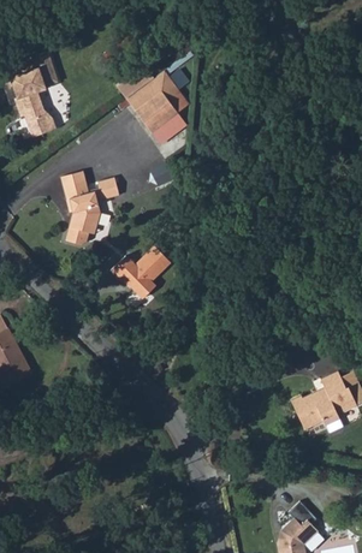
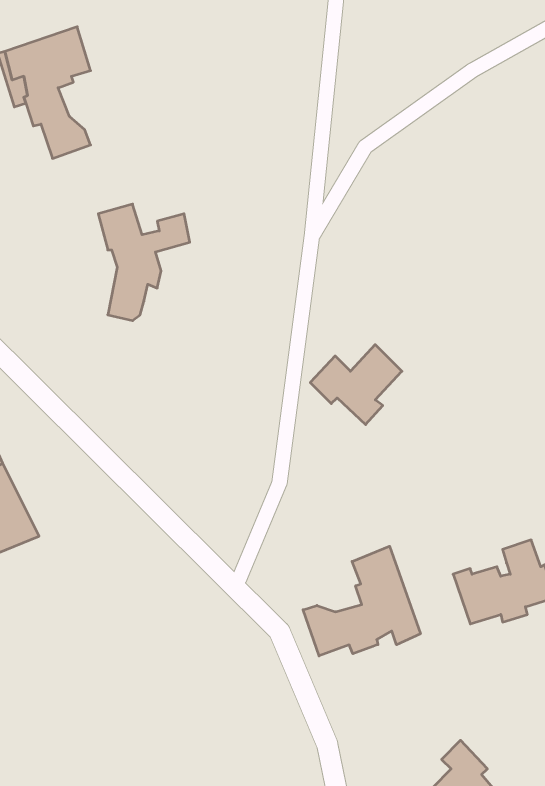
building: [124,76,177,137] -> none
building: [115,243,173,293] -> [310,345,402,425]
building: none -> [303,546,420,656]

